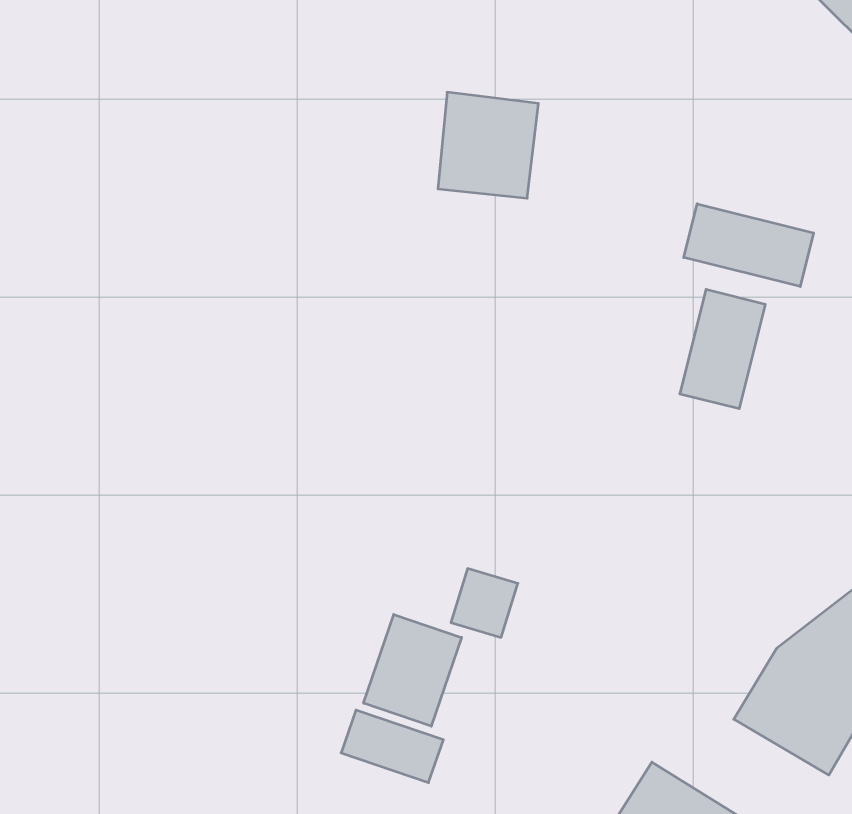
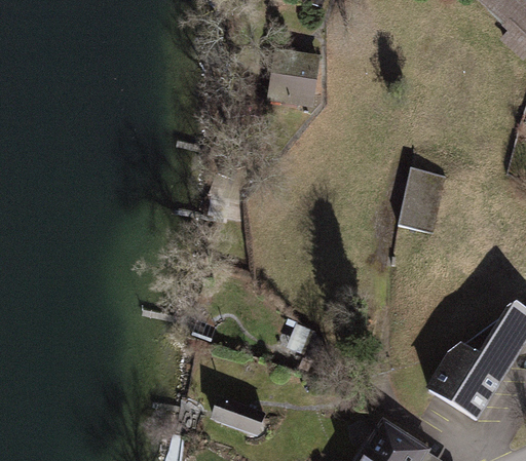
building: [684,204,814,287] -> none
building: [364,614,462,726] -> none

